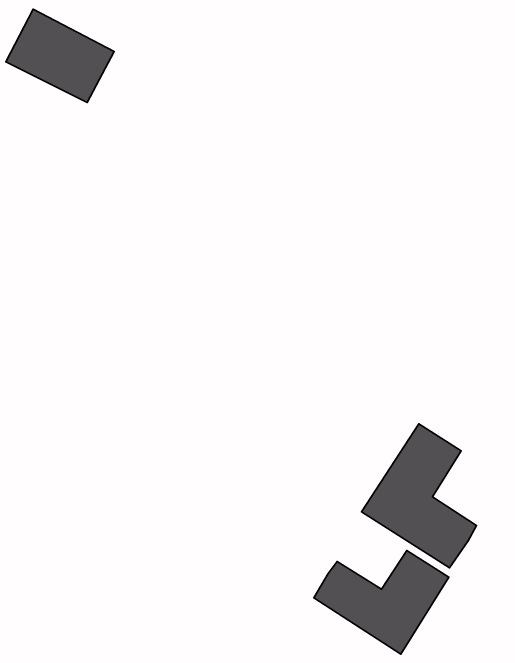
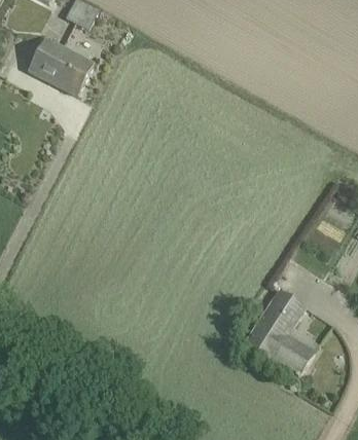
building: [314,550,449,654] -> none

